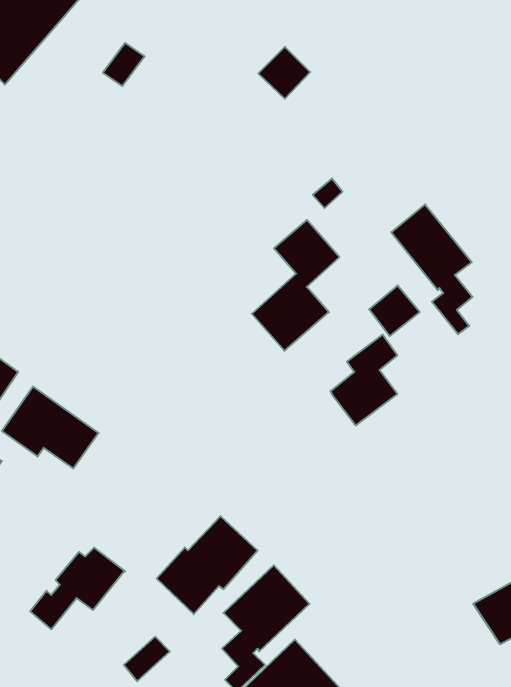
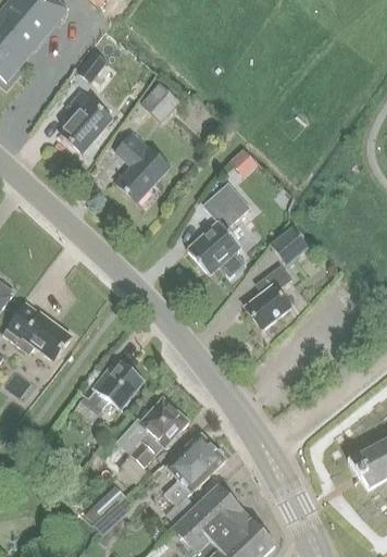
building: [258,47,310,99] -> [141,84,179,122]
building: none -> [60,89,114,151]
building: none -> [115,131,172,201]
building: [391,204,473,334] -> none
building: [30,548,125,629] -> [75,363,145,423]

